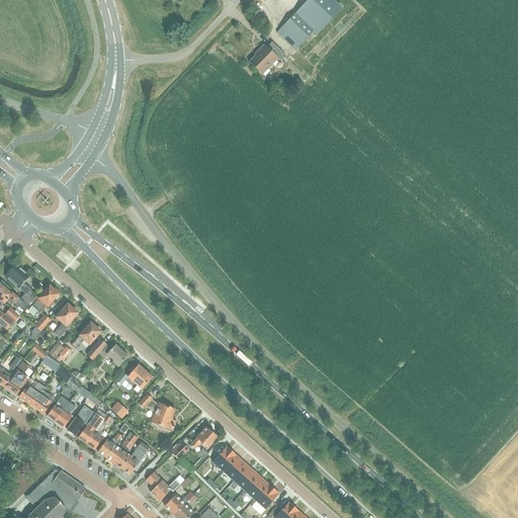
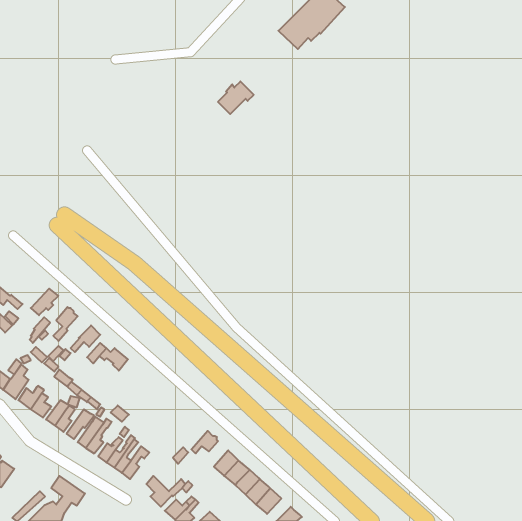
building: [249,40,284,73] -> [218,81,254,114]
building: [4,264,36,304] -> none
building: [114,364,151,388] -> none
building: [139,393,174,429] -> none

